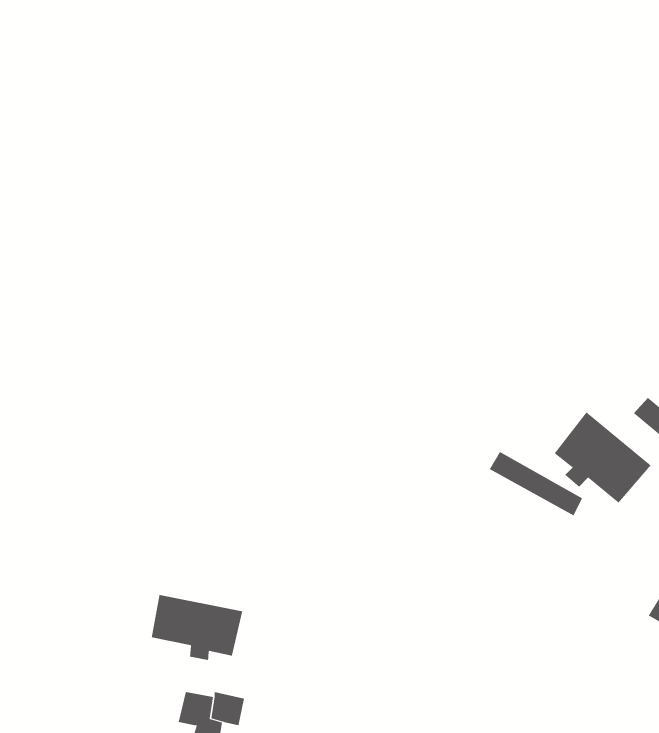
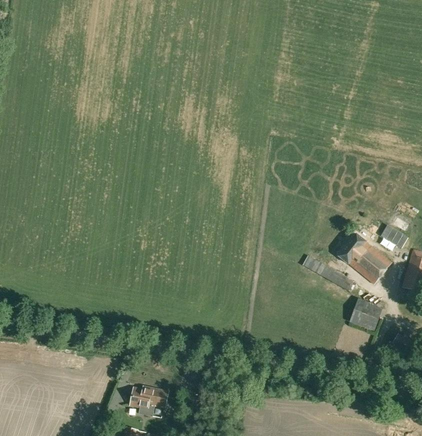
building: none -> [350,298,383,329]
building: [151,594,243,661] -> none

